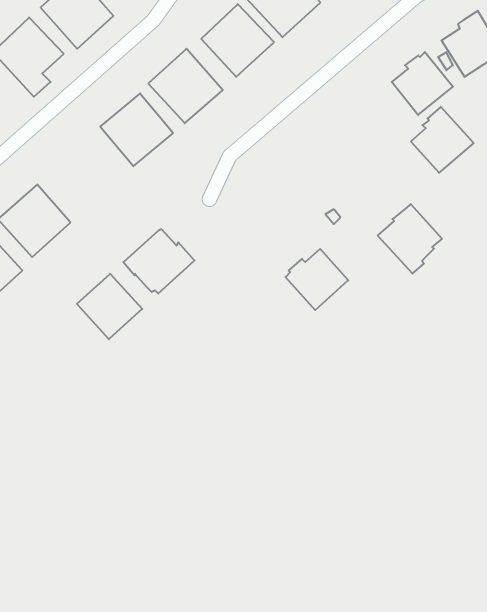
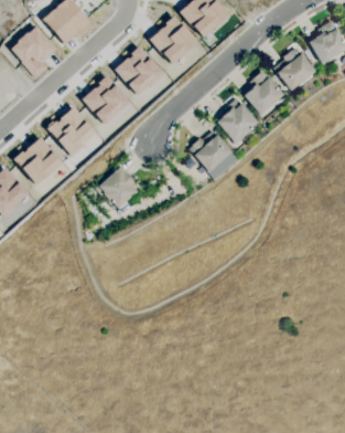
building: [411,107,474,173] -> [244,71,285,115]
building: none -> [47,106,97,157]
building: [378,204,442,274] -> [216,99,259,146]
building: [285,249,348,310] -> [191,131,233,172]
building: [77,274,142,339] -> none

